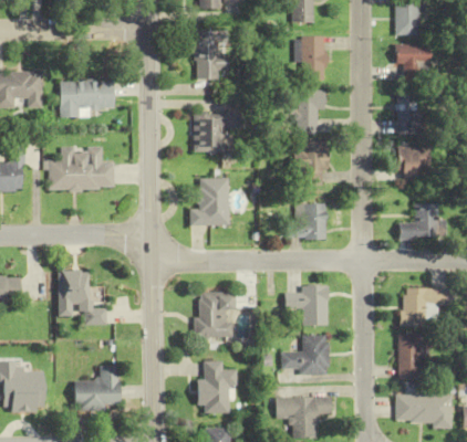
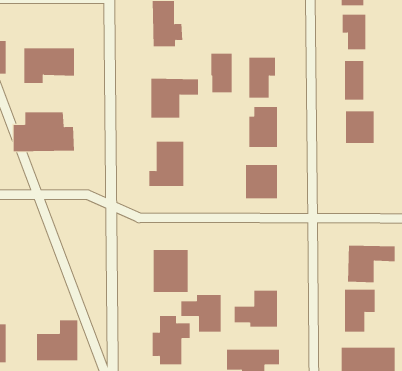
building: [302,36,325,78] -> [210,53,233,93]
building: [414,204,439,236] -> none
building: [59,270,106,325] -> none
building: [286,285,329,325] -> [180,295,221,332]

